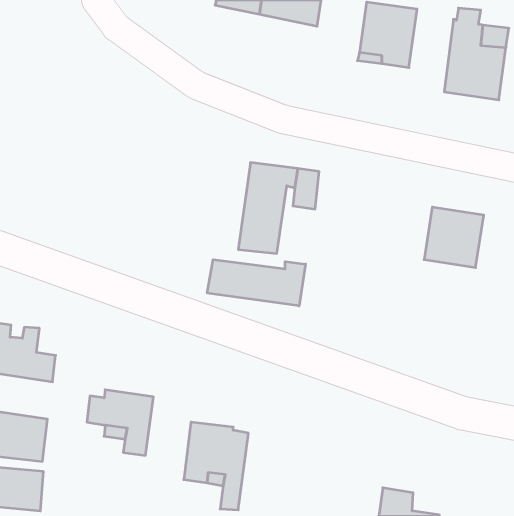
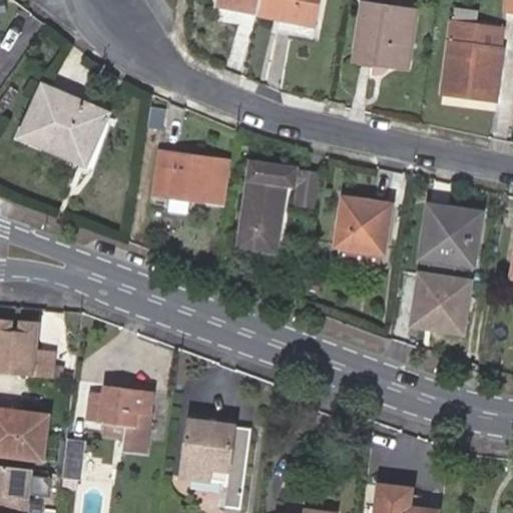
building: none -> [20,84,106,157]
building: none -> [152,152,231,202]
building: none -> [337,198,390,252]
building: [207,260,306,306] -> none
building: none -> [420,272,484,336]
building: none -> [60,439,86,482]

